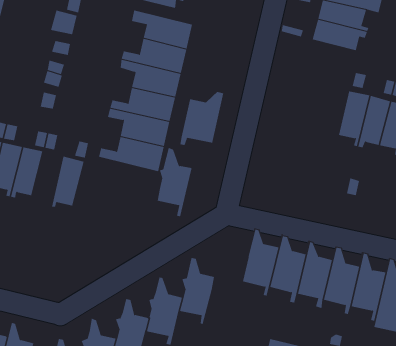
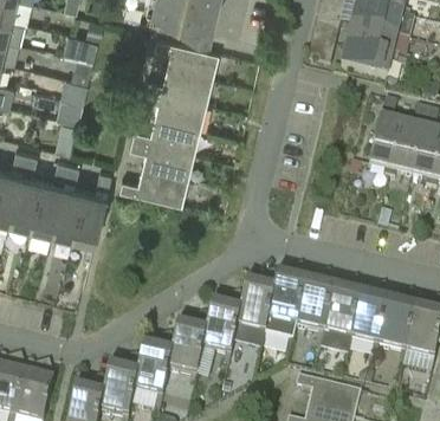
building: [180,85,224,146] -> none
building: [157,147,192,217] -> [238,268,274,341]
building: none -> [51,181,83,239]

